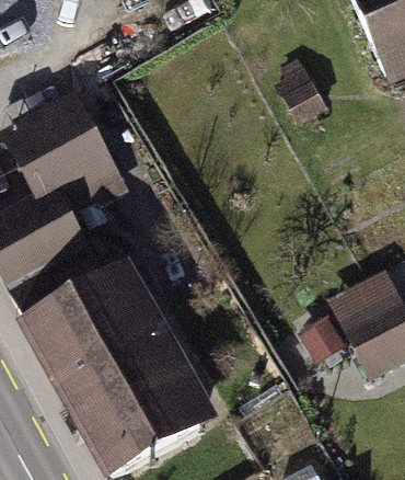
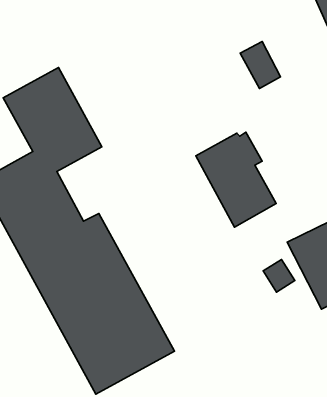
building: none -> [196,132,276,227]

